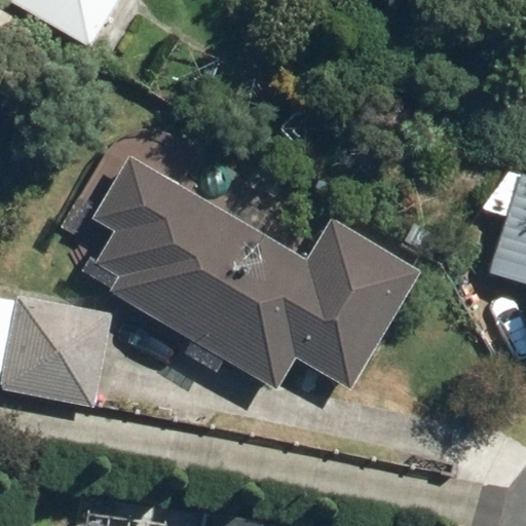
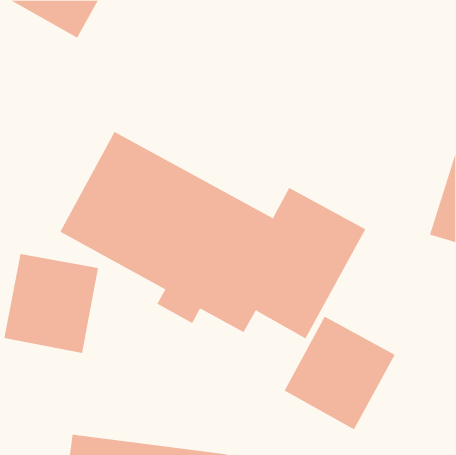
building: none -> [284,316,396,430]

